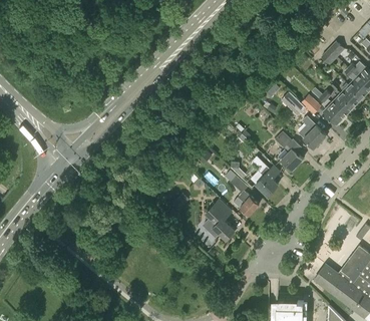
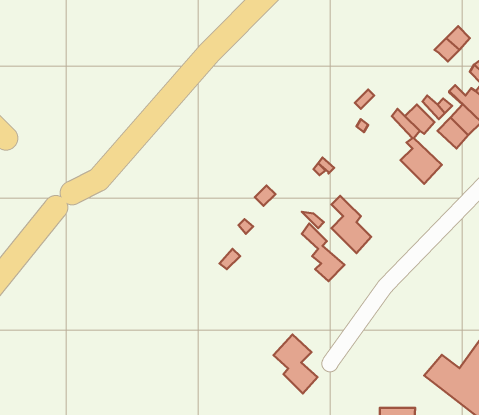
building: [275,131,303,171] -> none
building: [206,201,236,241] -> [273,335,318,393]

